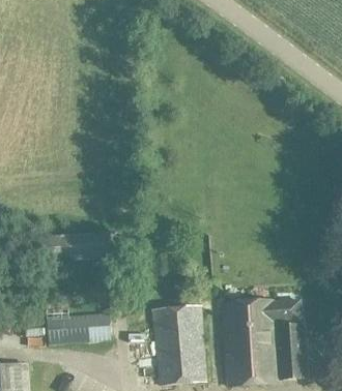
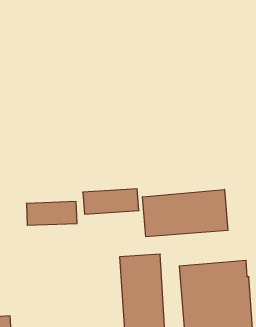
building: none -> [143,189,228,237]
building: [46,313,110,342] -> [83,189,139,214]

